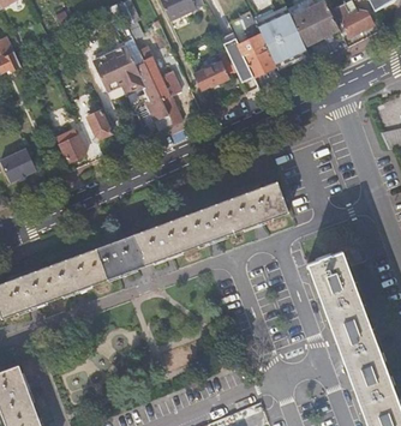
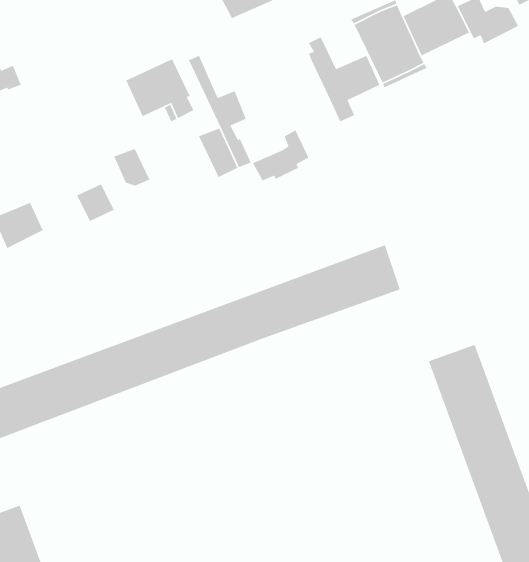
building: [194,50,235,88] -> [252,129,309,182]

